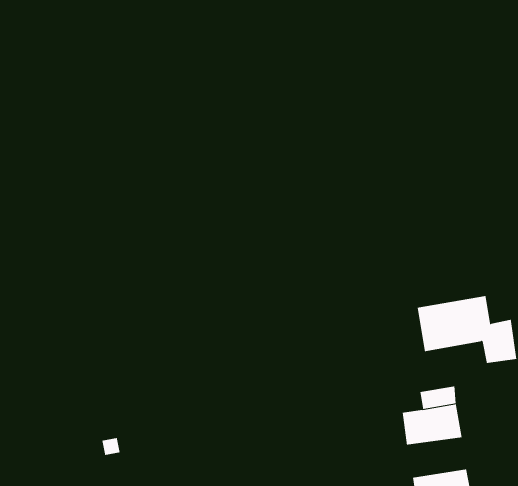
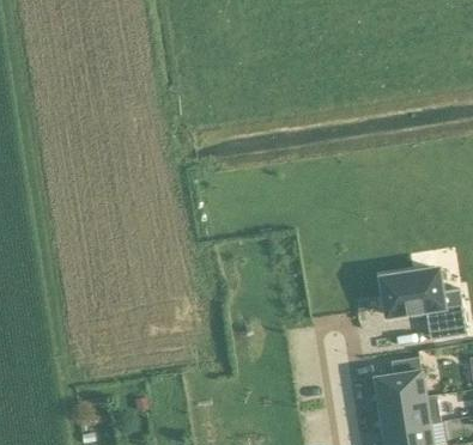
building: none -> [377,392,426,425]

